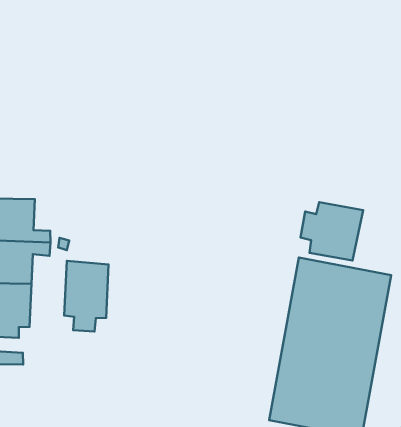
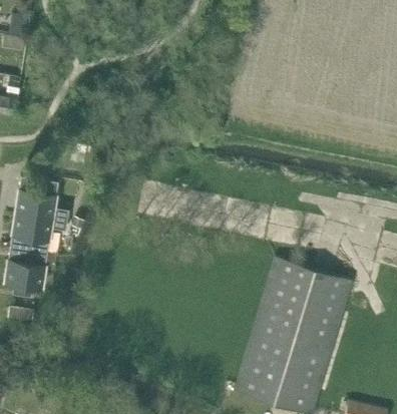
building: [300,202,363,261] -> none
building: [64,261,109,332] -> none

